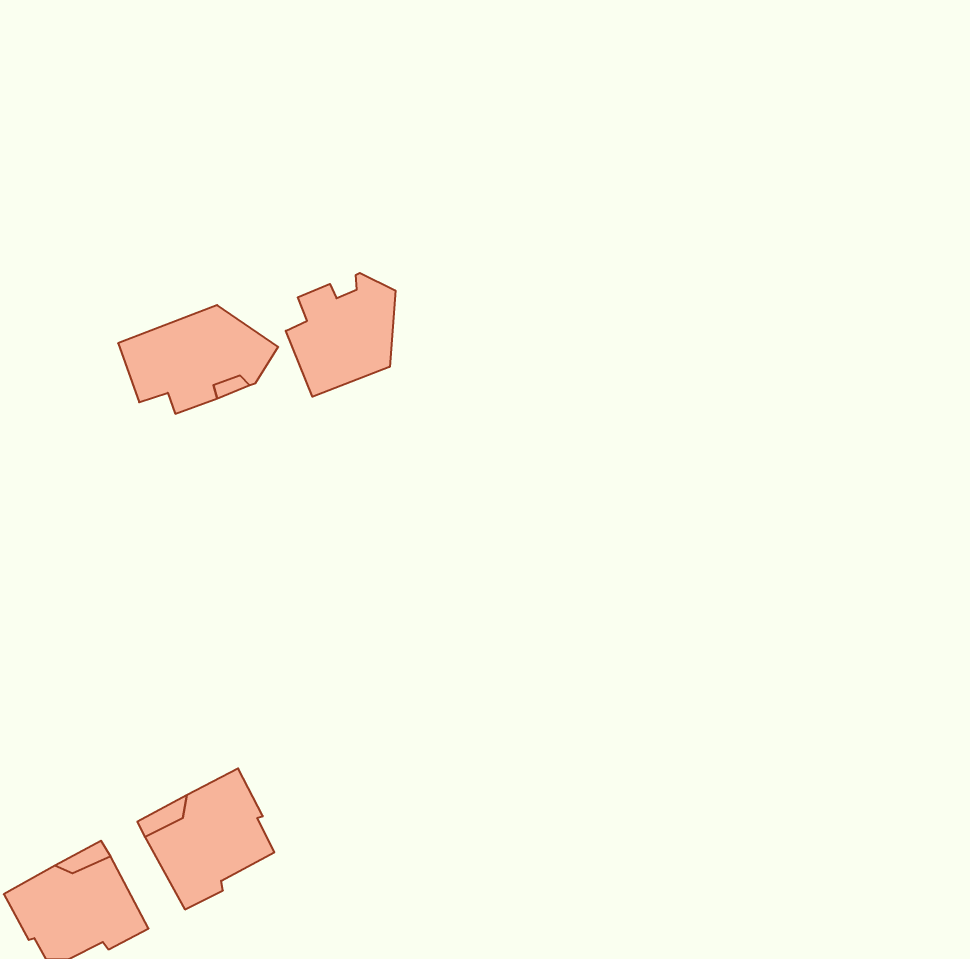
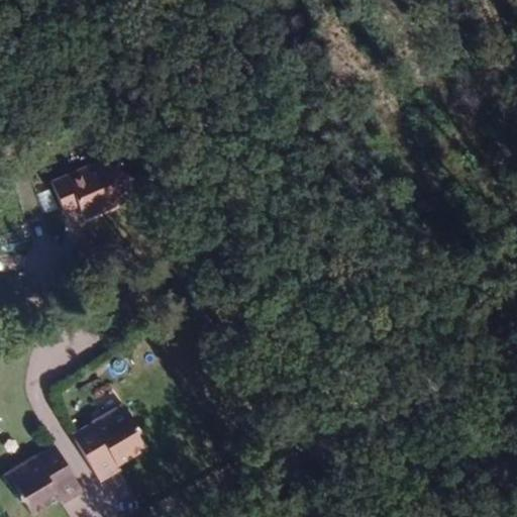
building: [286,273,395,397] -> none

